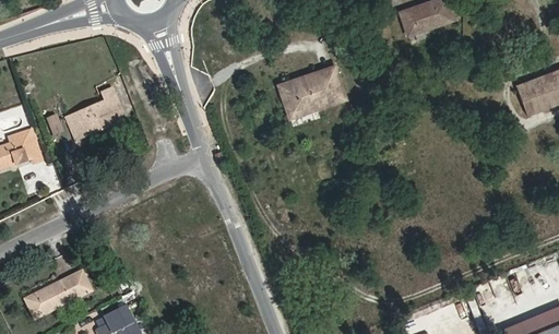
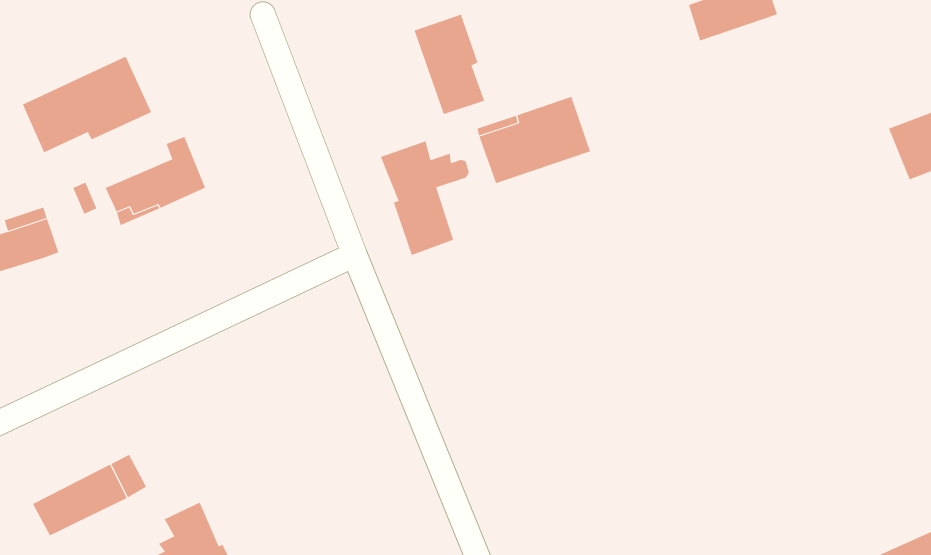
building: none -> [414,14,485,115]
building: none -> [22,56,152,153]
building: none -> [380,141,470,256]

